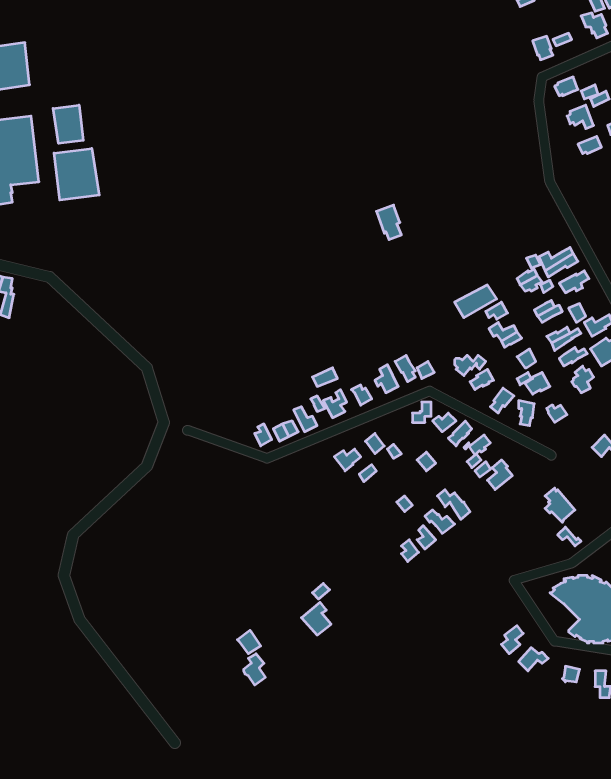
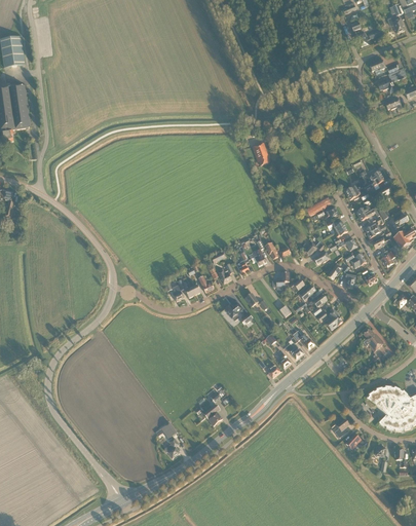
building: [53,105,83,143] -> none
building: [54,148,99,200] -> none

